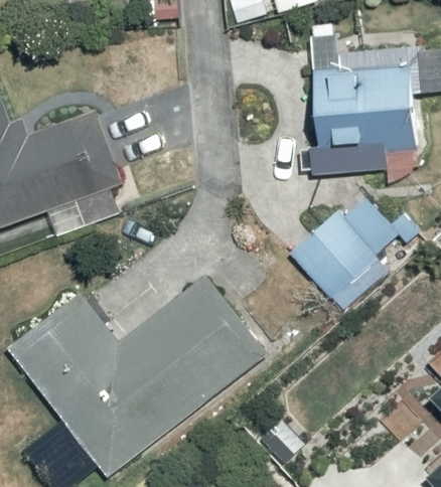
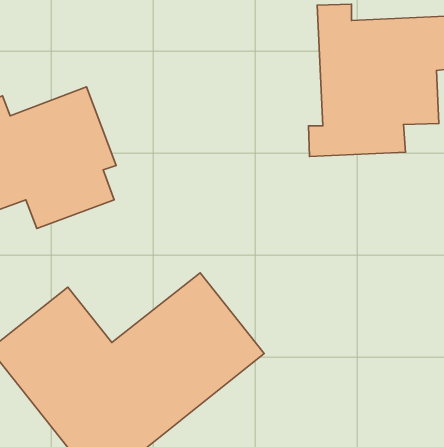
building: [289,200,393,310] -> none

